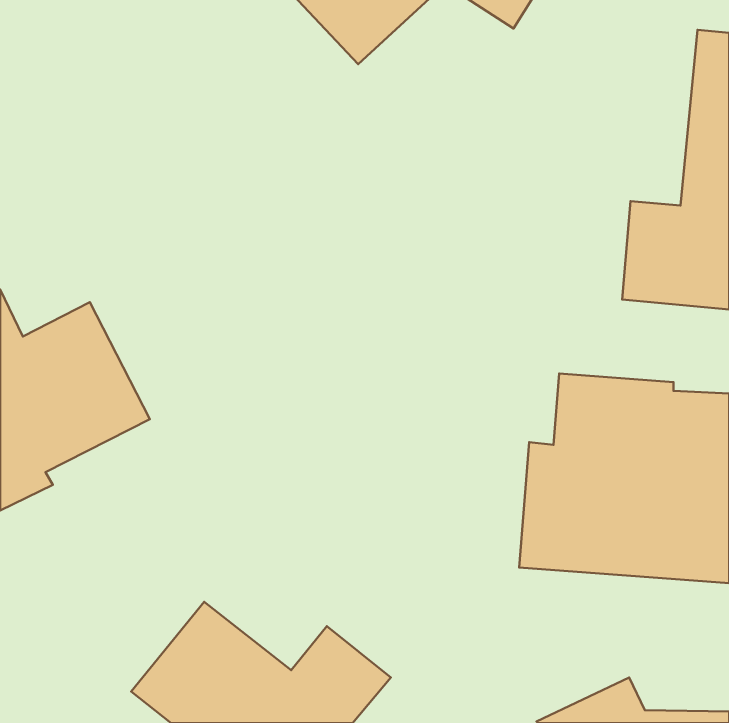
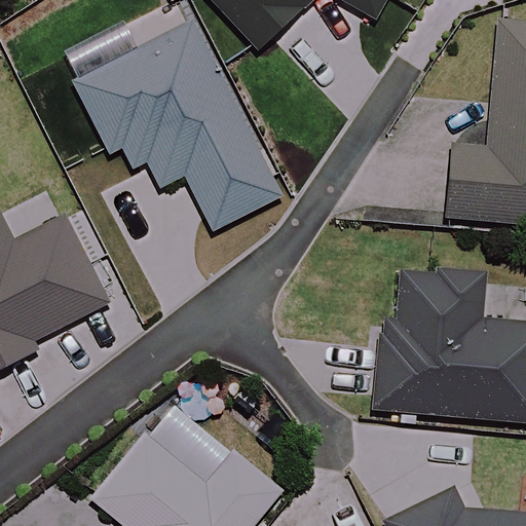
building: none -> [76,21,283,227]

